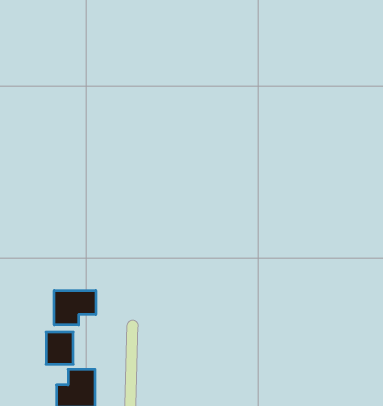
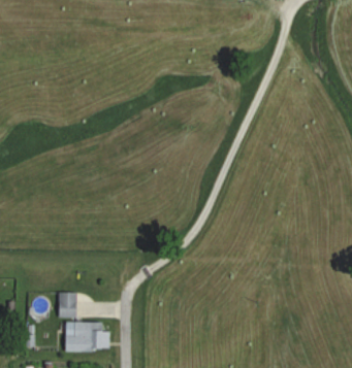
building: [54,290,96,325] -> none

